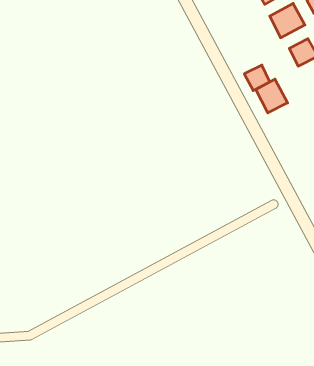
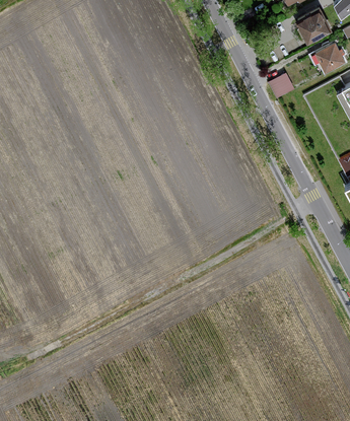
building: [256,79,288,113] -> none

